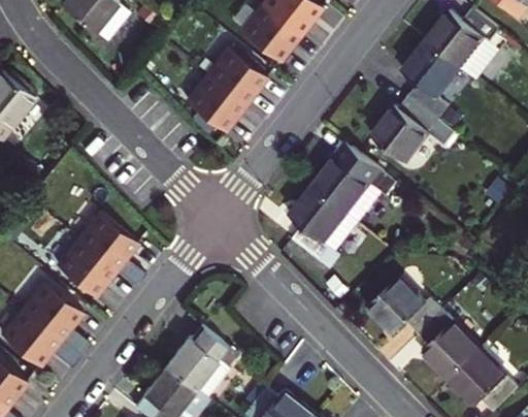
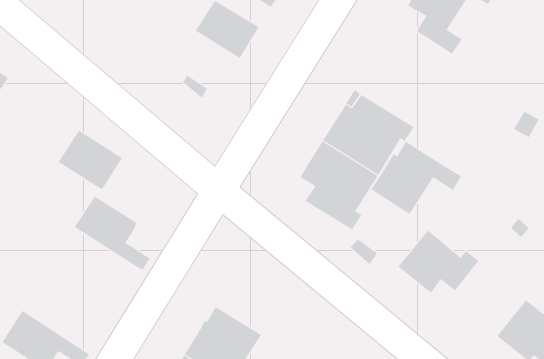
building: [187,75,245,132] -> none
building: [370,97,454,164] -> [371,141,462,215]
building: [58,240,117,297] -> [58,130,123,190]
building: [25,285,90,357] -> none
building: [417,311,480,380] -> none

